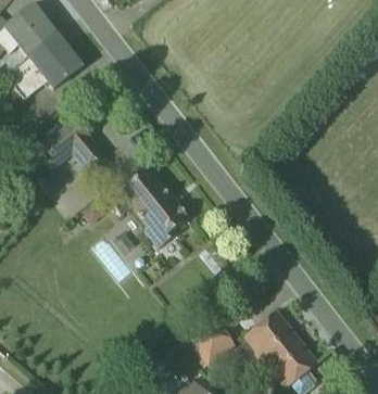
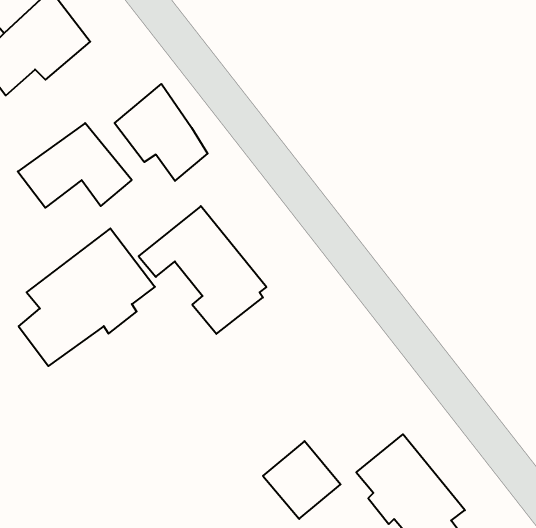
building: none -> [115,84,208,181]
building: none -> [19,228,155,366]

